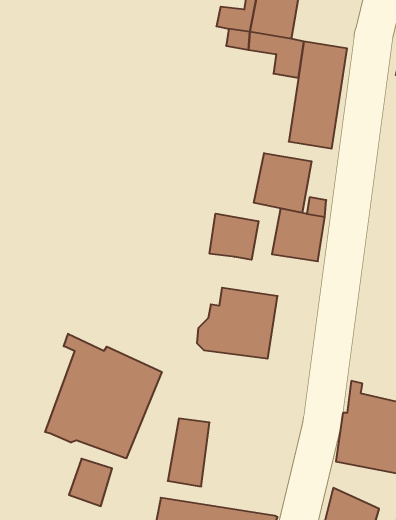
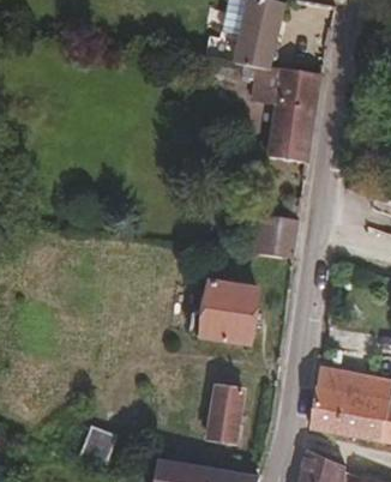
building: [254,153,312,213] -> none
building: [210,214,258,260] -> none
building: [45,334,162,458] -> none
building: [168,418,210,486] -> [206,384,242,442]

